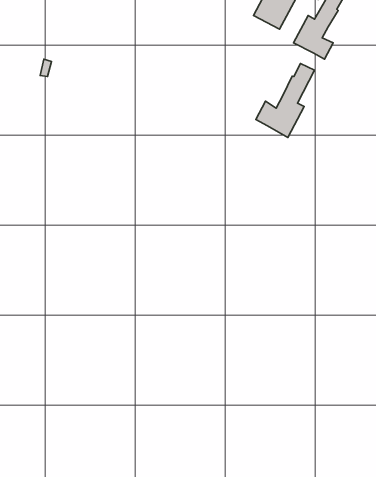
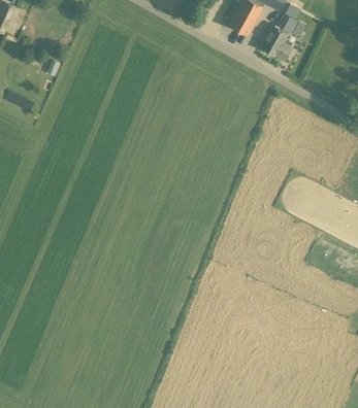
building: [256,64,314,137] -> none

